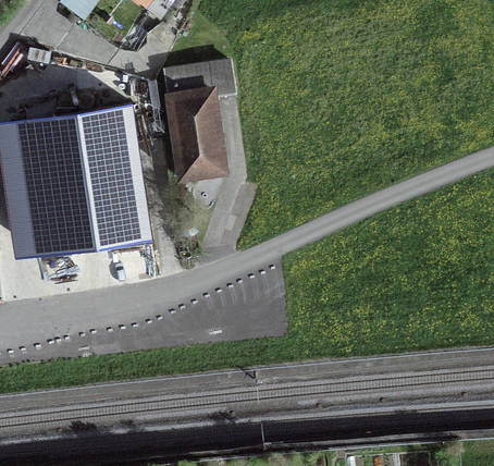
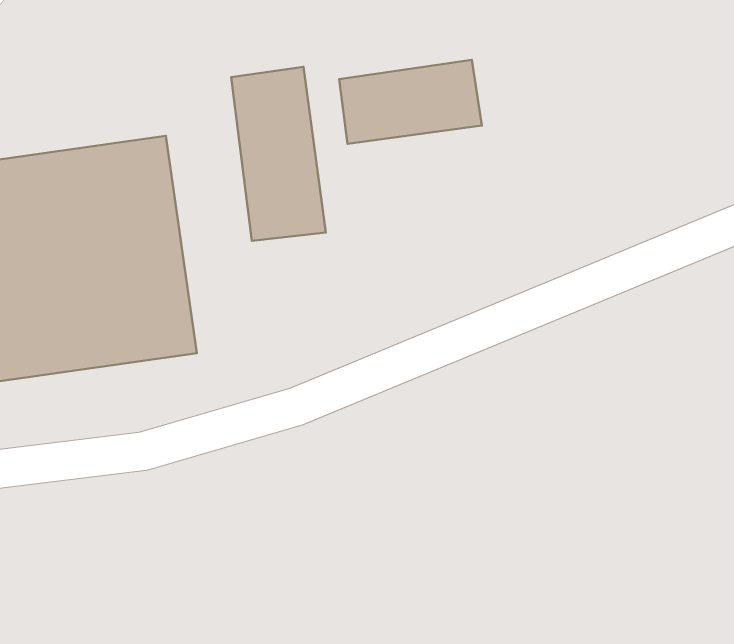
building: none -> [339,60,482,144]

